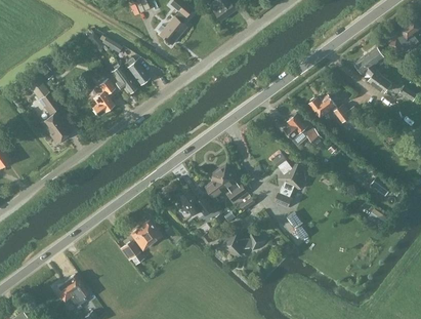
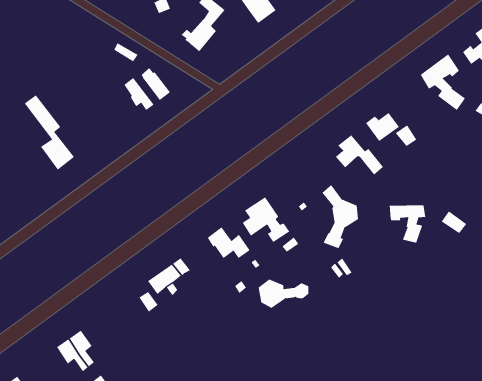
building: [92,79,115,116] -> none
building: none -> [389,204,426,243]

